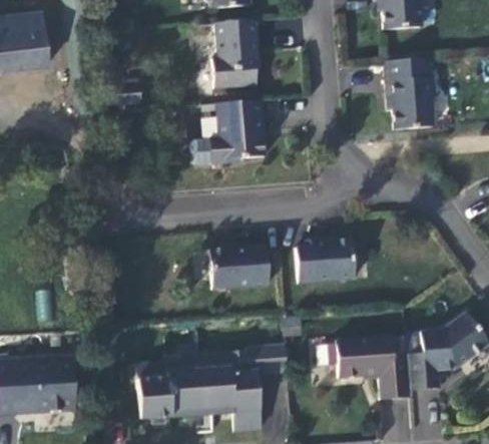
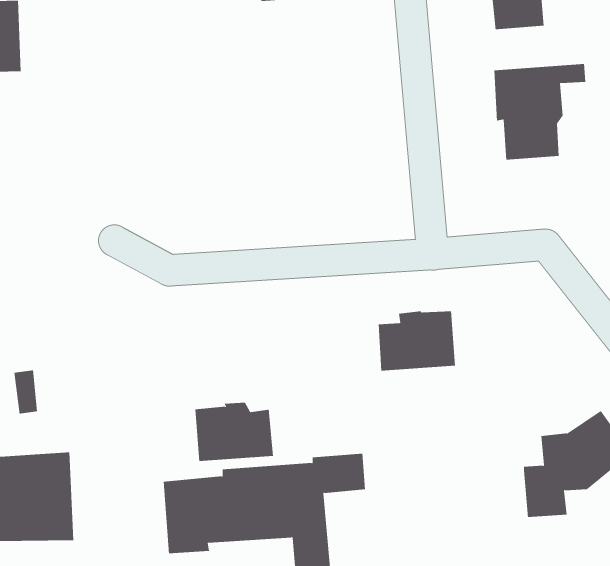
building: [211,19,258,88] -> none
building: [186,100,263,168] -> none
building: [208,247,268,291] -> [194,402,274,461]
building: [327,340,410,403] -> none

